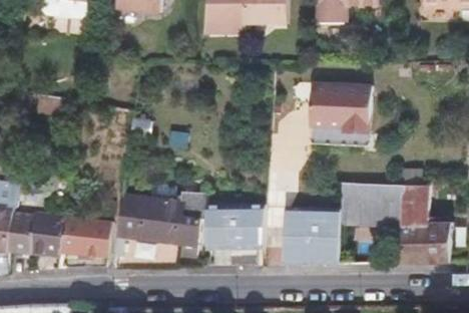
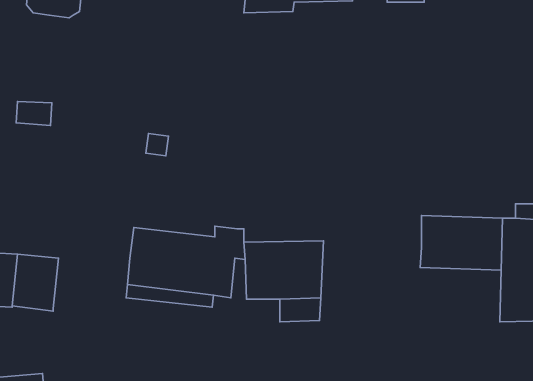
building: [293,85,373,144] -> none
building: [285,207,341,264] -> none
building: [62,216,112,258] -> none

